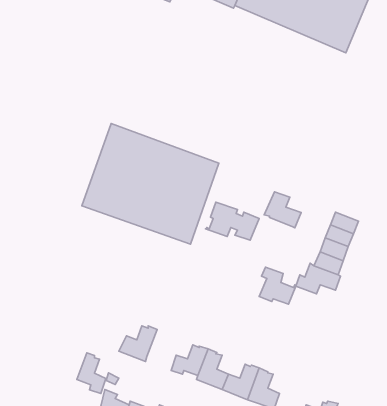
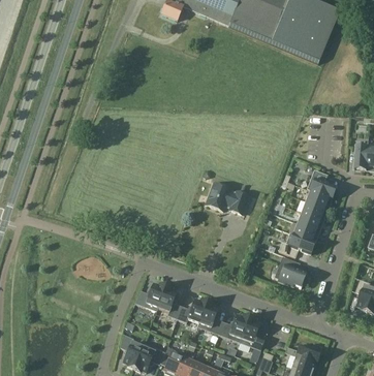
building: [82,124,219,244] -> none
building: [264,192,301,228] -> [306,169,336,198]
building: [259,267,296,304] -> [277,256,307,286]
building: [77,353,106,394] -> [157,285,181,318]

